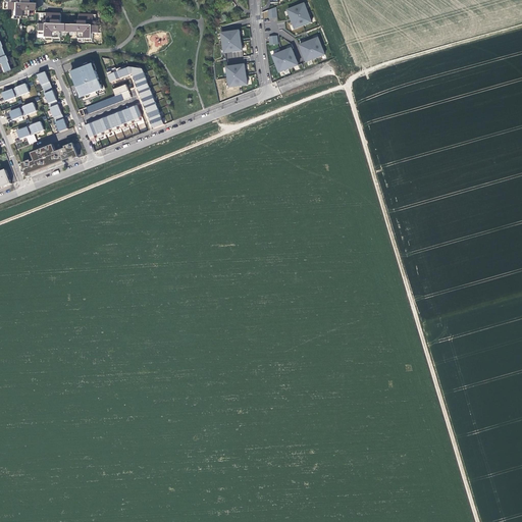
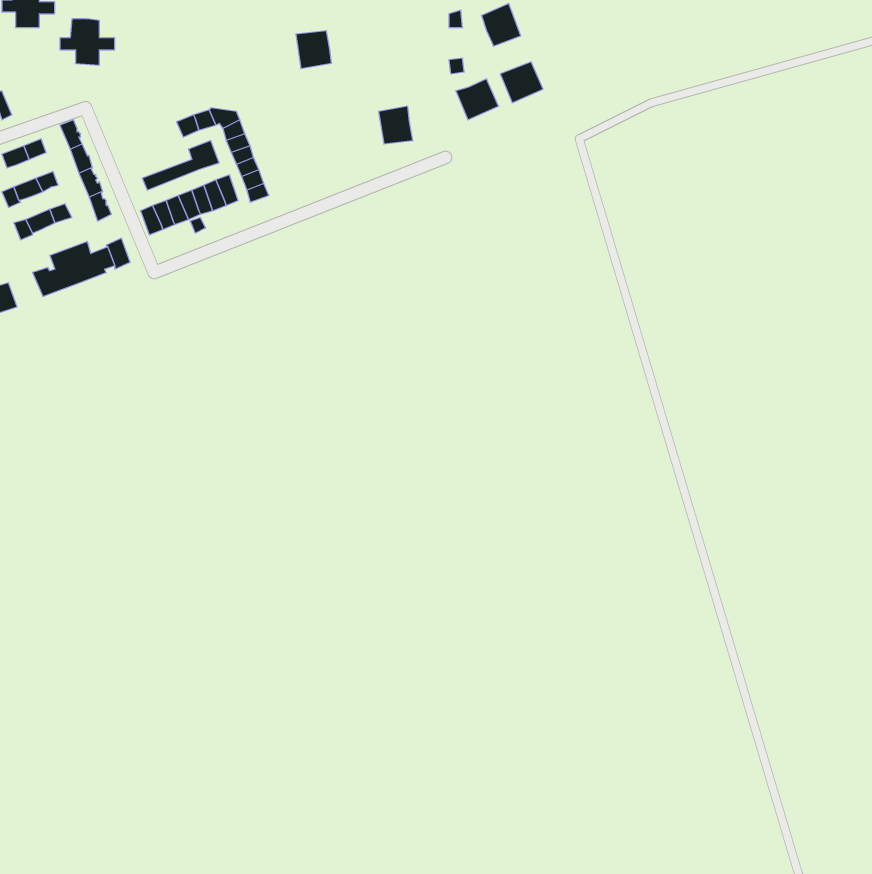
building: [68,12,100,40] -> none
building: [219,30,241,52] -> [296,31,332,68]
building: [69,60,103,101] -> none

